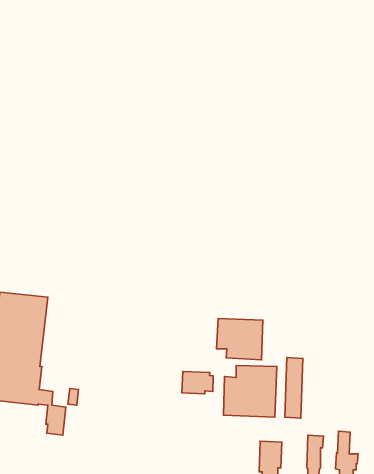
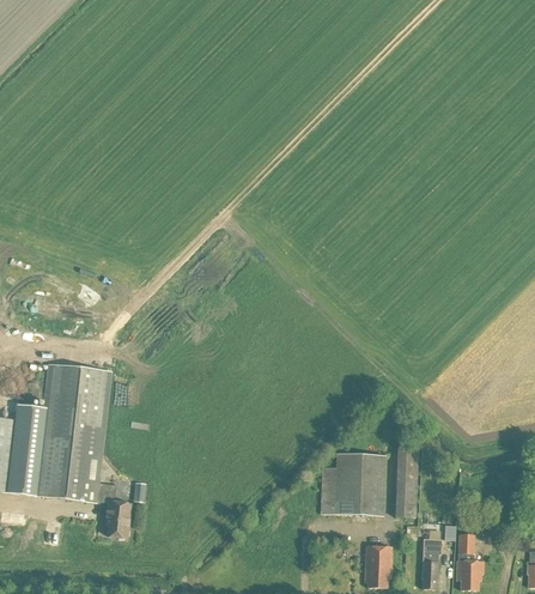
building: [216,319,263,360] -> none
building: [182,371,213,394] -> none

